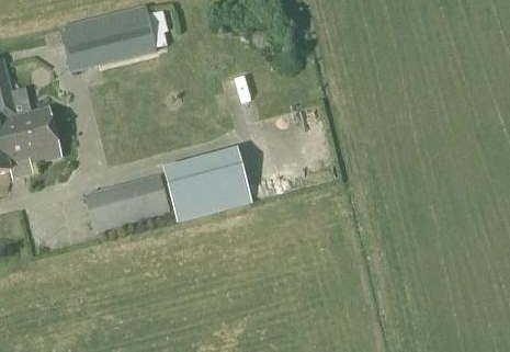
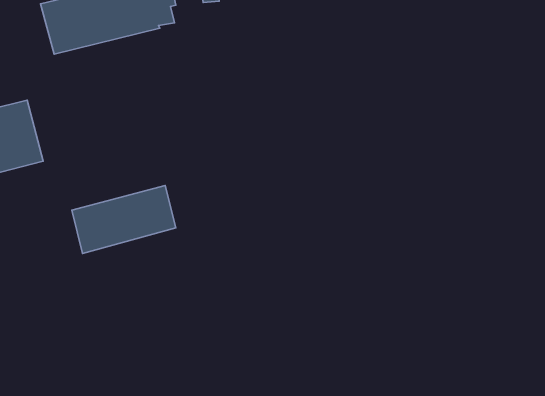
building: [165,148,250,219] -> none

